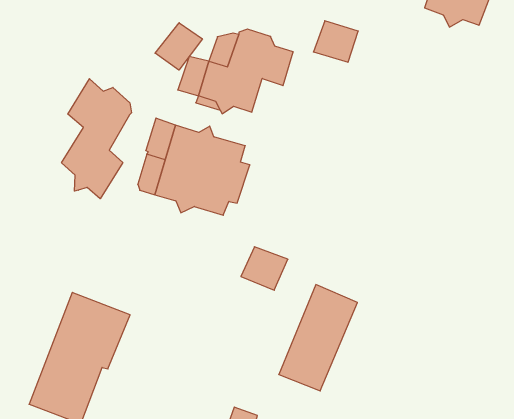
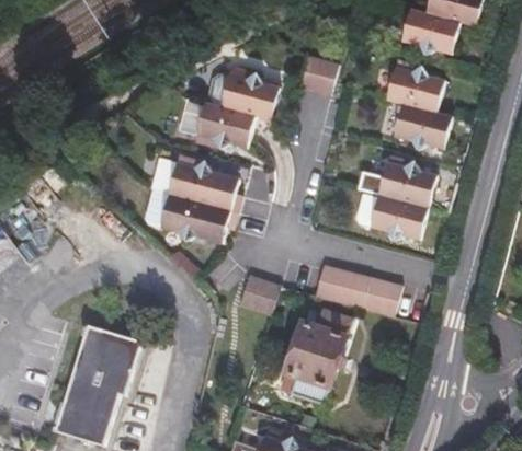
building: [155,23,202,70] -> none
building: none -> [384,63,451,151]
building: [62,79,131,199] -> none
building: none -> [367,160,436,244]
building: none -> [317,265,402,312]

